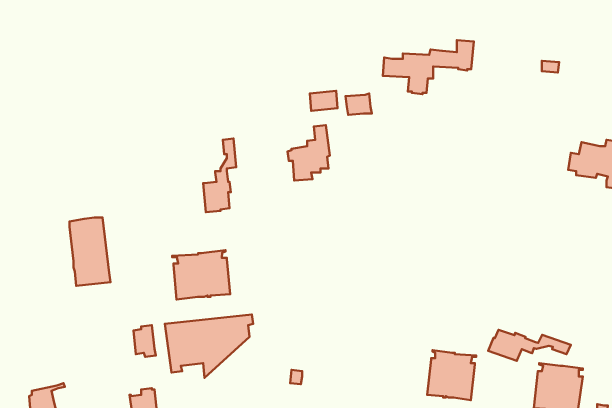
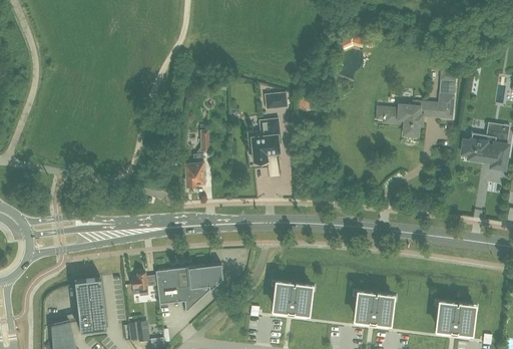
building: [383,40,474,94] -> [384,95,453,136]
building: [70,218,110,286] -> [75,278,106,330]
building: [172,250,230,300] -> none
building: [488,330,571,361] -> none
building: none -> [273,282,311,319]

